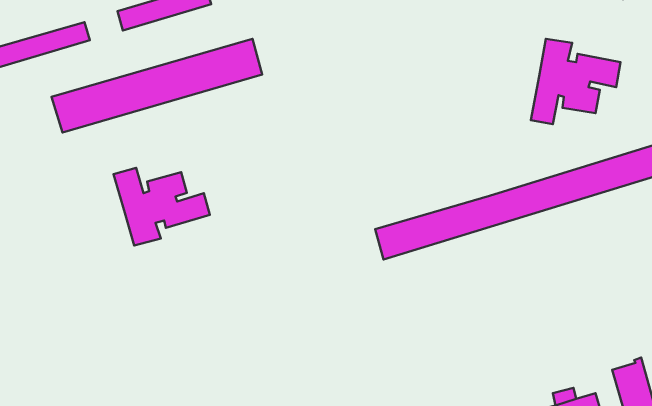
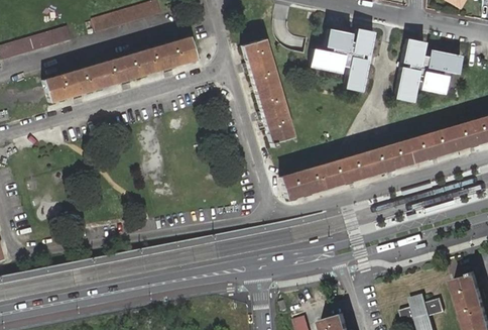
building: none -> [307,29,372,93]
building: none -> [240,40,292,148]
building: [114,168,210,245] -> none

